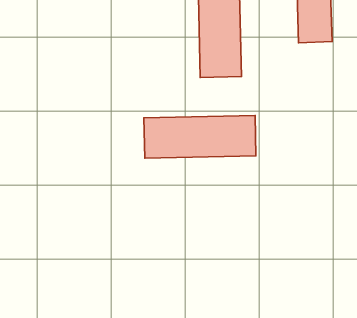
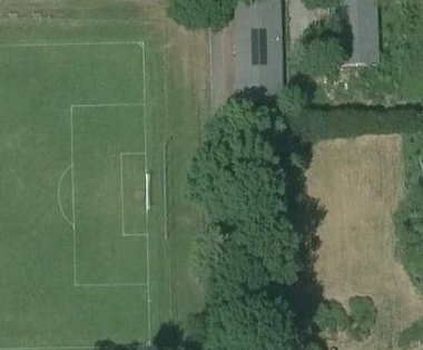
building: [144,116,256,158] -> none

